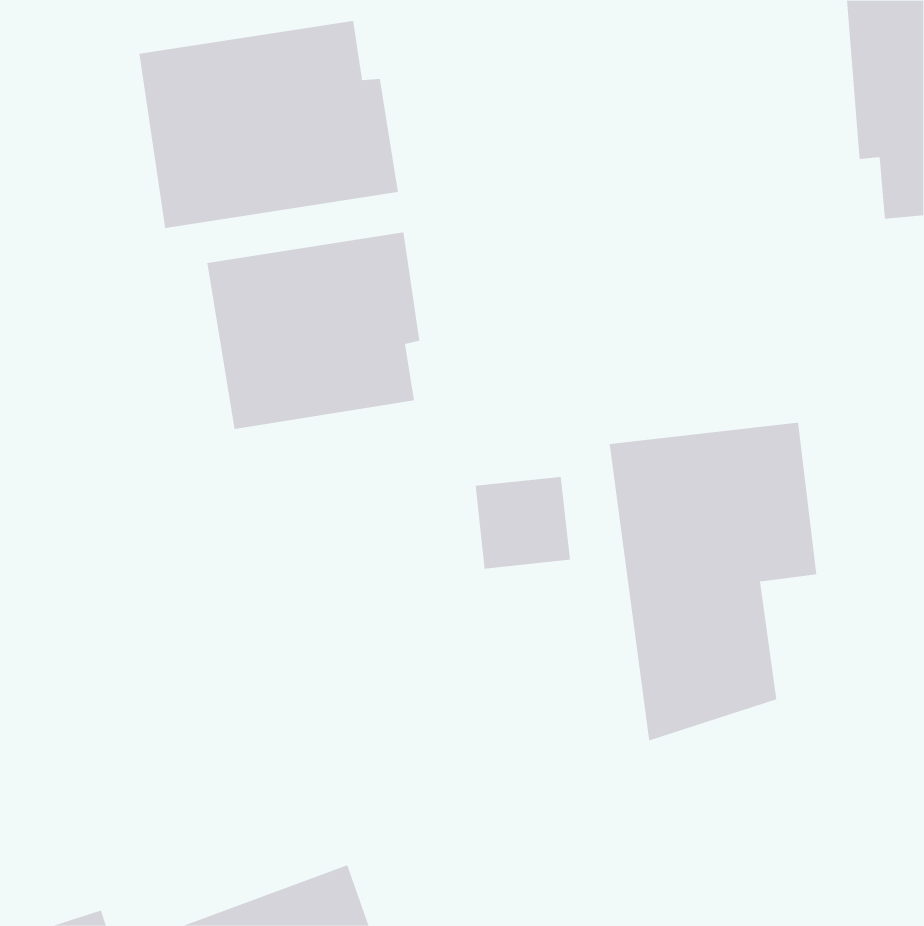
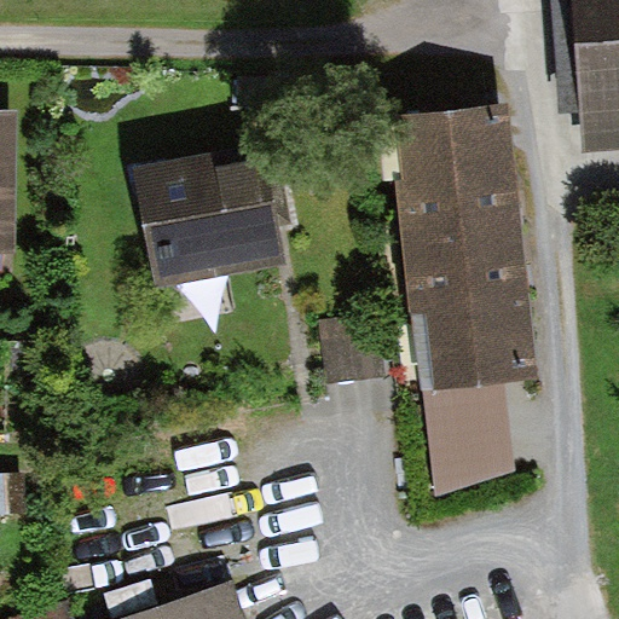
building: [139,20,399,229] -> none
building: none -> [394,118,533,296]

